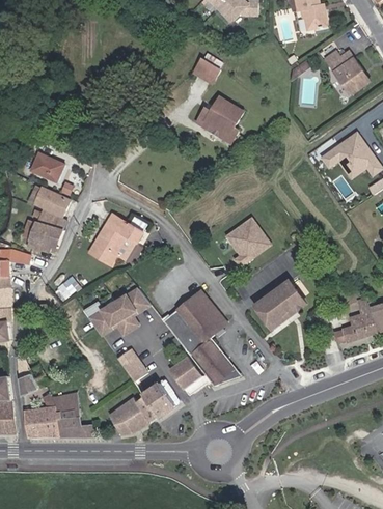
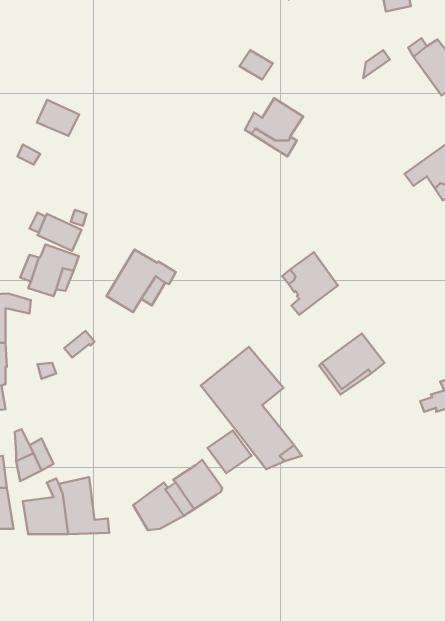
building: [31,152,64,180] -> [37,100,79,136]
building: [88,289,151,335] -> none
building: [116,348,145,381] -> none

